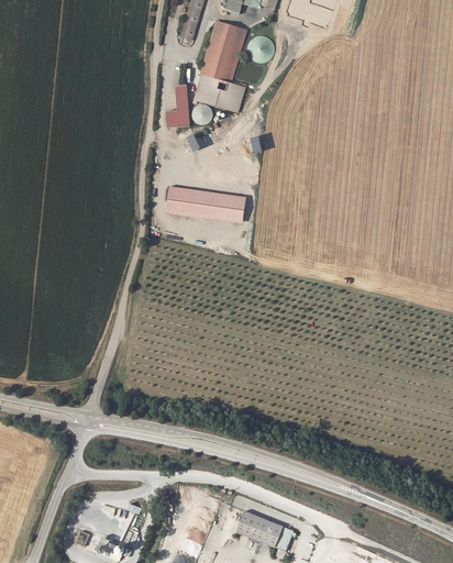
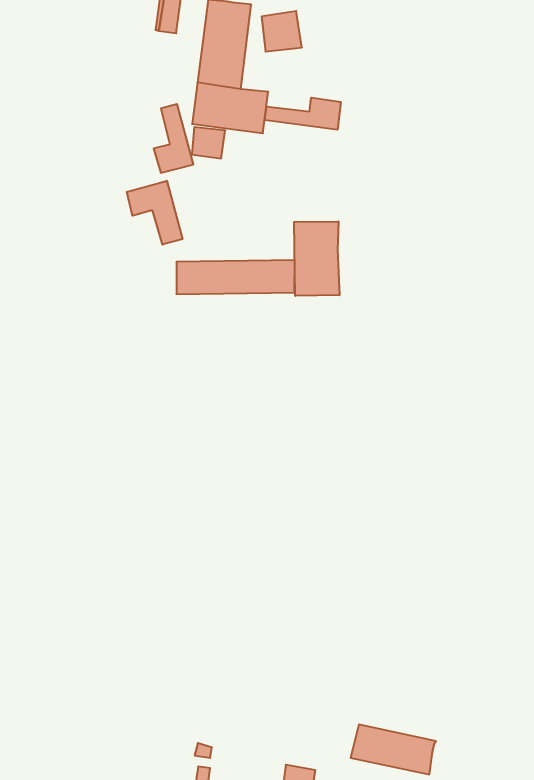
building: none -> [265,98,341,130]
building: none -> [127,181,183,245]
building: none -> [294,221,339,296]

